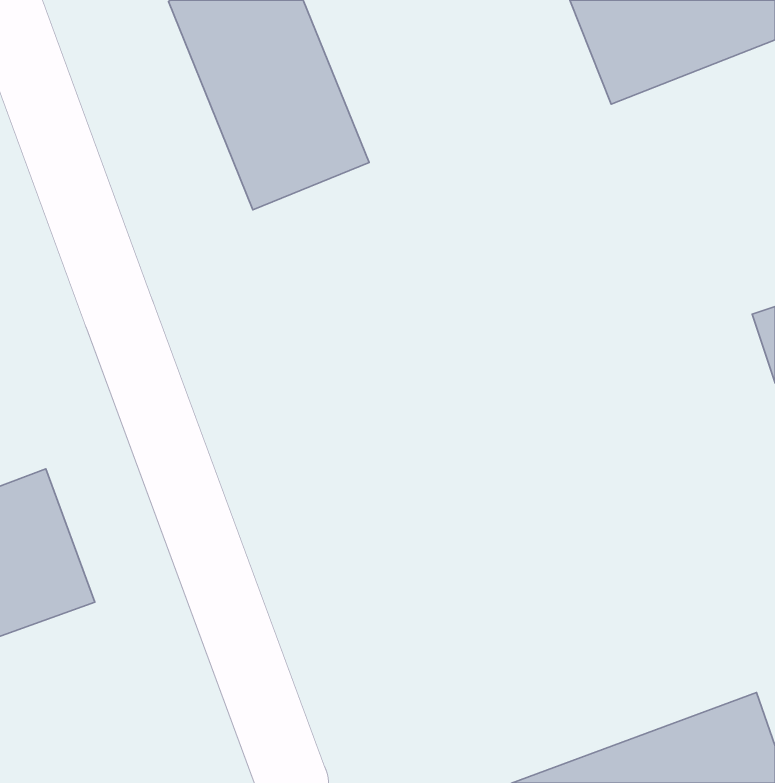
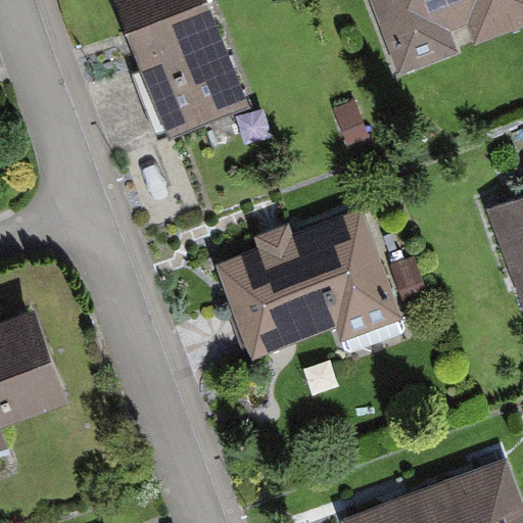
building: none -> [215,209,398,358]

